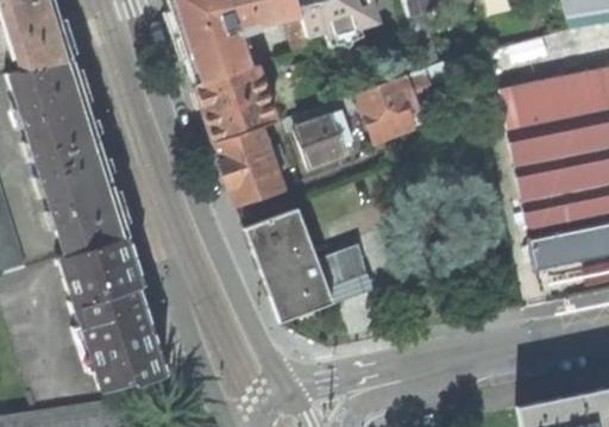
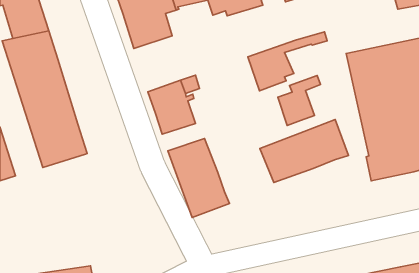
building: [196,63,277,143] -> none
building: [296,99,357,170] -> [278,75,320,125]
building: none -> [260,120,348,182]
building: [61,236,169,389] -> none
building: [316,245,376,306] -> none

